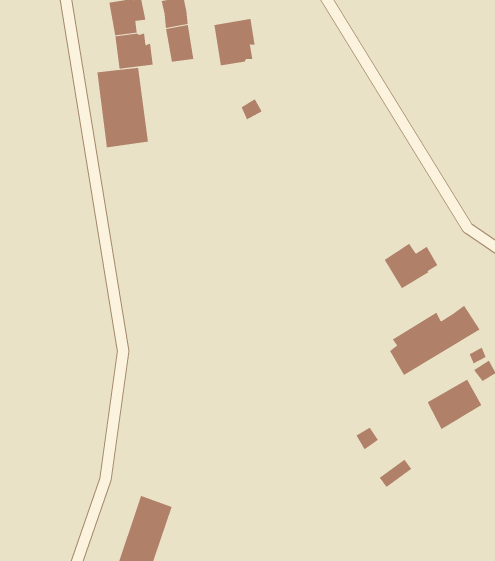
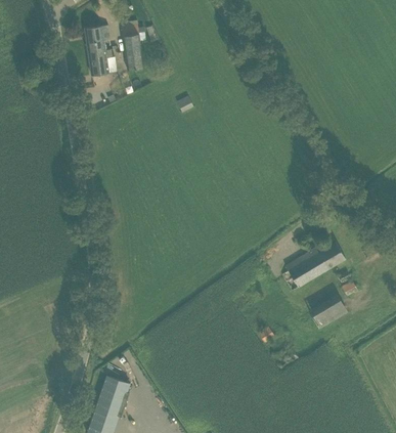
building: [214,18,255,66] -> none
building: [97,67,148,148] -> none
building: [384,243,438,289] -> none

